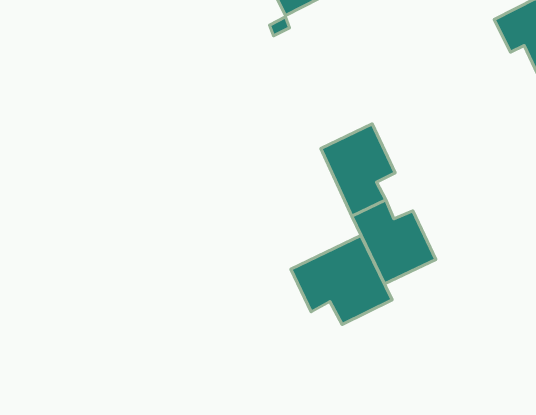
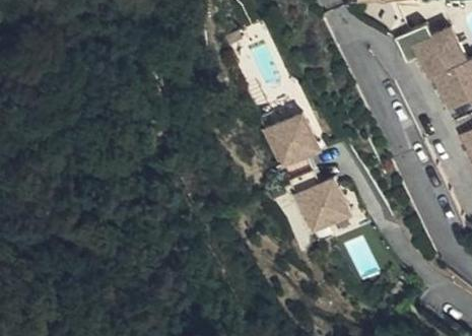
building: [291,235,392,324] -> none

